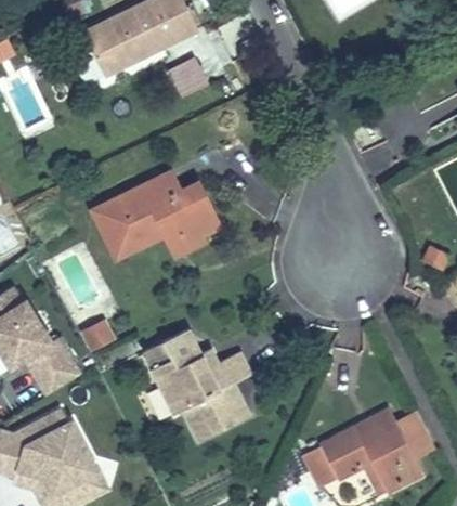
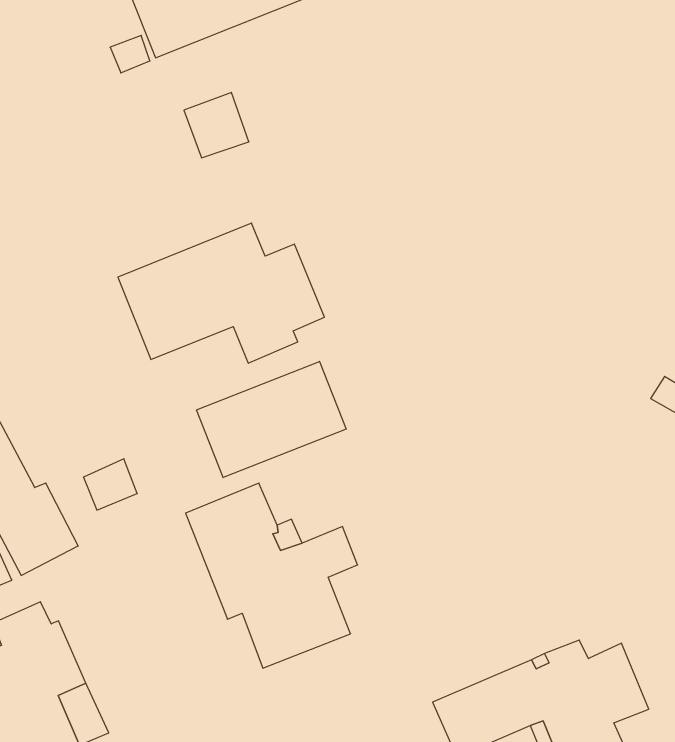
building: [168,55,209,96] -> [184,92,249,158]
building: none -> [196,361,346,478]

